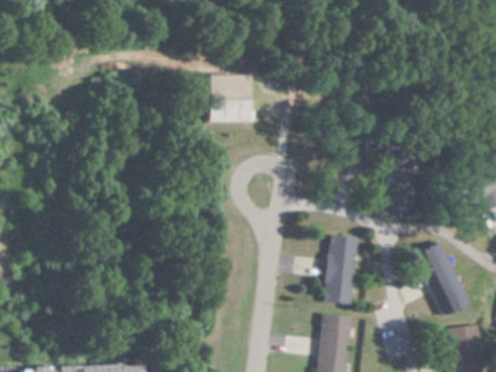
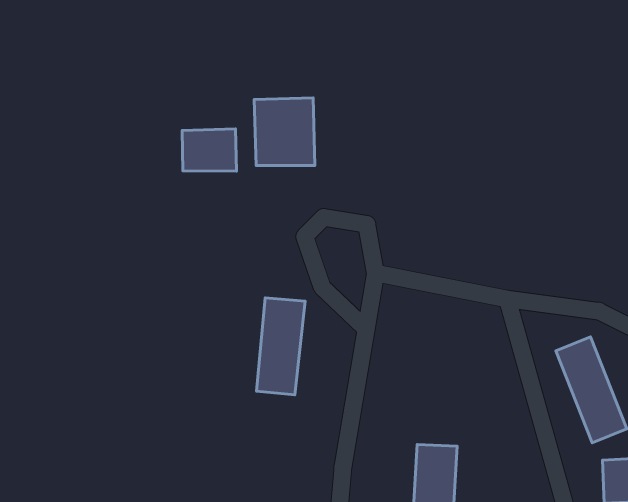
building: none -> [182,129,237,171]
building: [324,236,358,303] -> [257,298,305,395]

